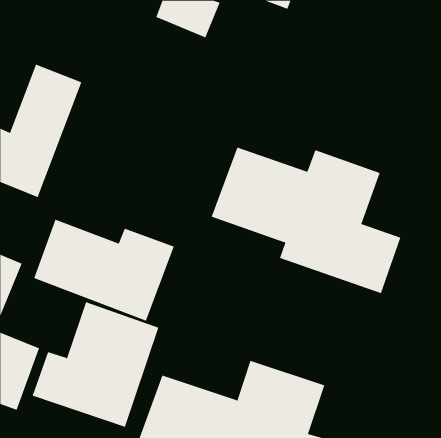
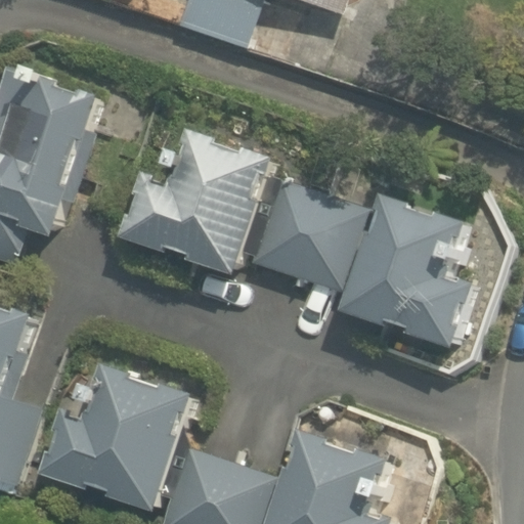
building: none -> [115,135,267,273]
building: [33,219,175,322] -> none

